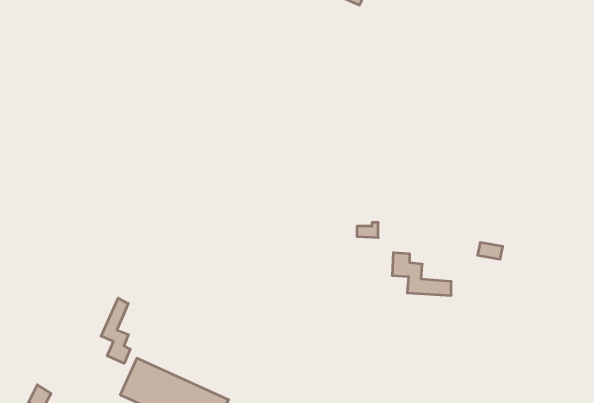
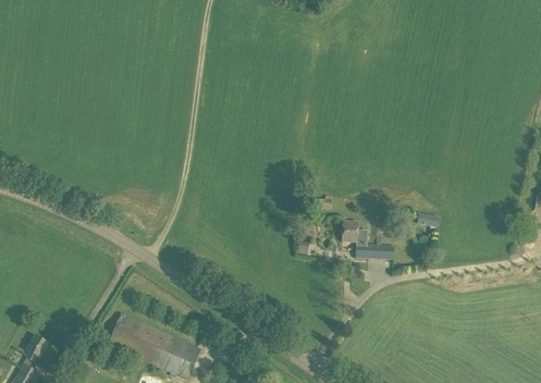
building: [101,298,130,363] -> none

